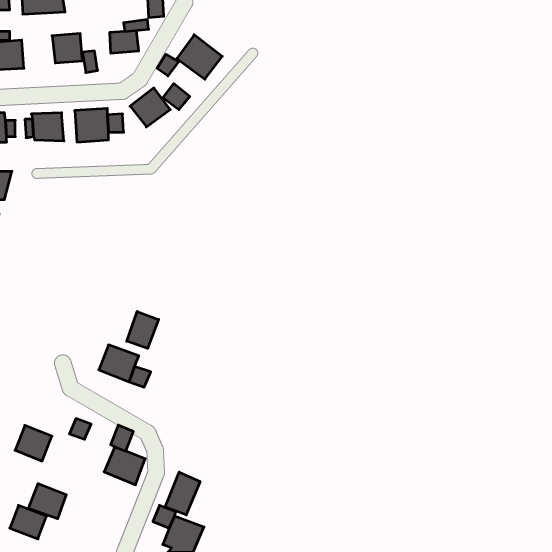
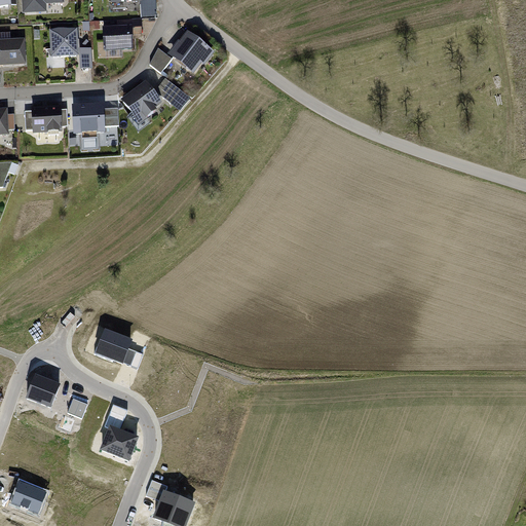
building: [127,311,159,348] -> none
building: [15,425,52,461] -> [25,372,60,406]
building: [165,472,200,515] -> none
building: [28,484,66,519] -> none

